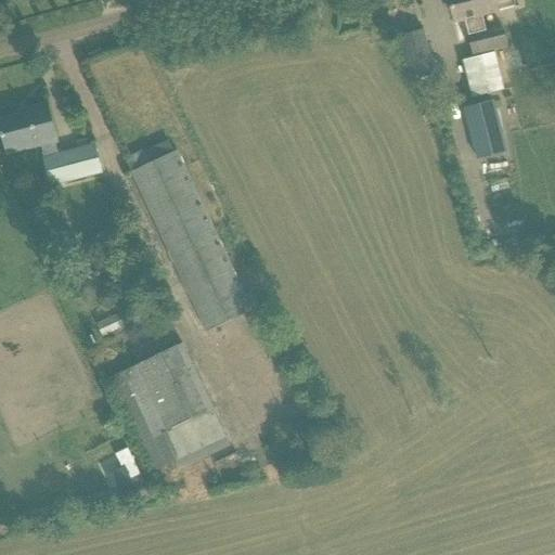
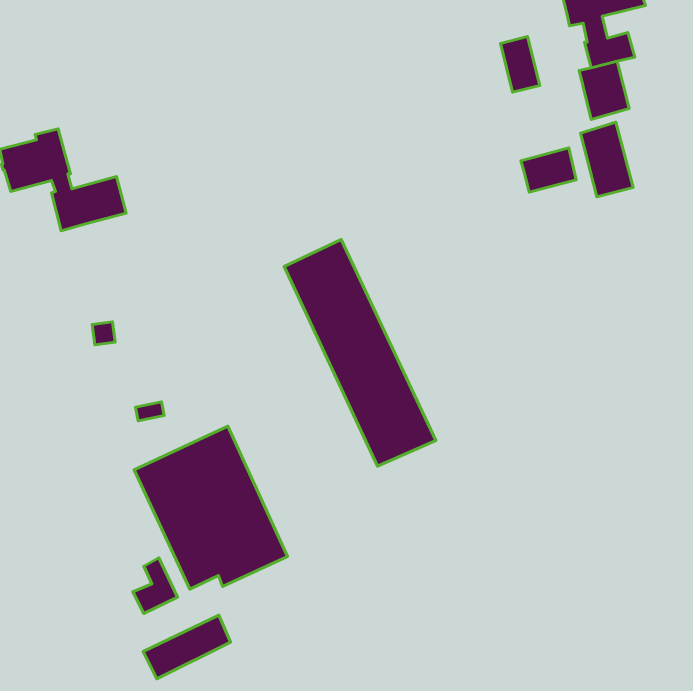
building: none -> [521,148,576,192]
building: [130,149,251,330] -> [284,239,436,466]
building: none -> [143,615,230,679]

